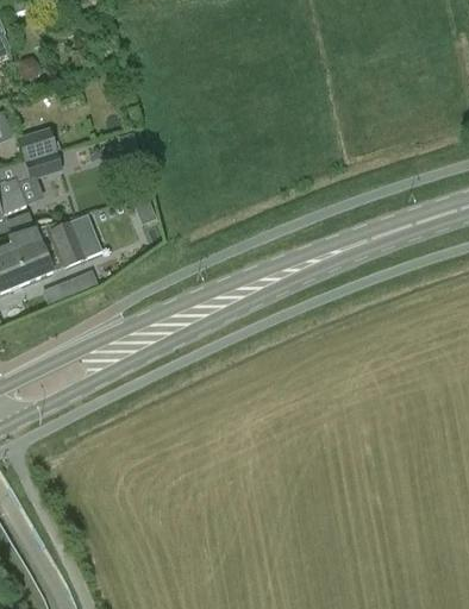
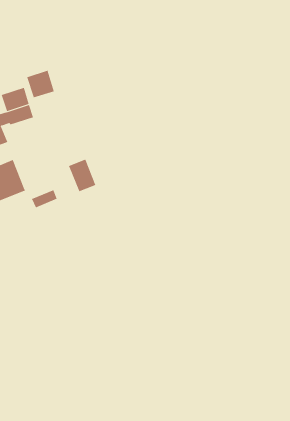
building: none -> [26,70,54,98]
building: [49,219,88,265] -> [68,159,96,192]

